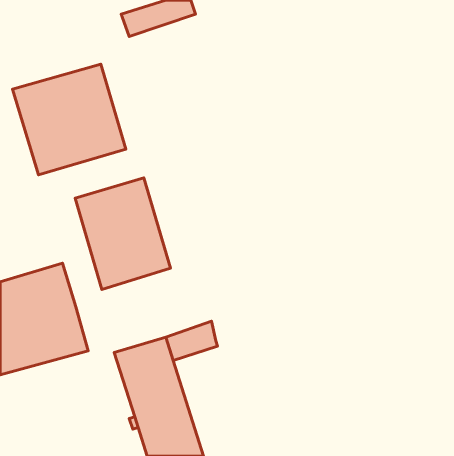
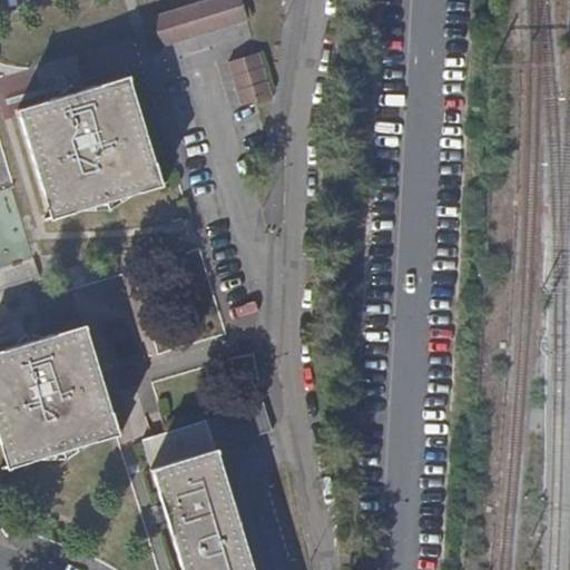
building: none -> [228,53,269,104]
building: [75,178,171,290] -> none

